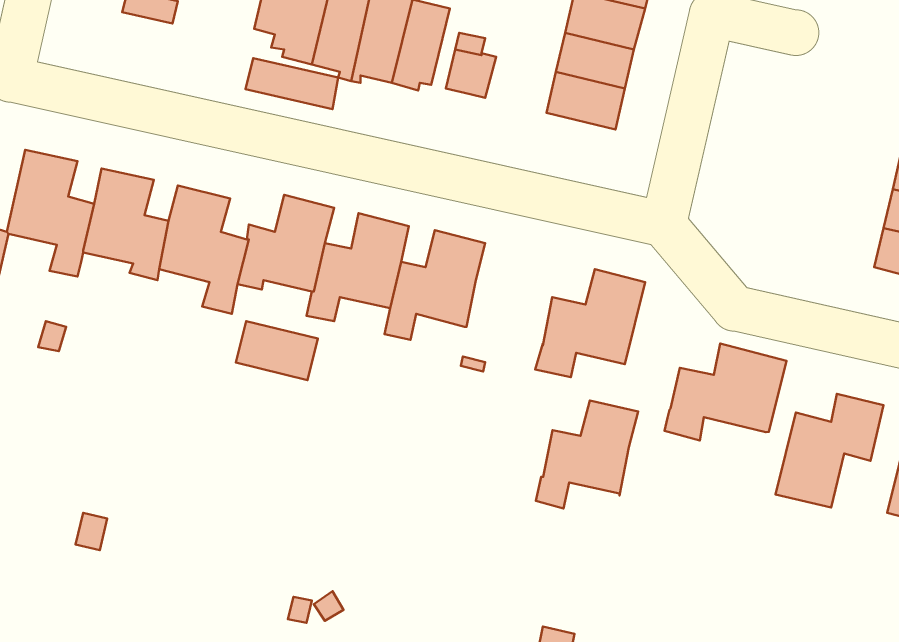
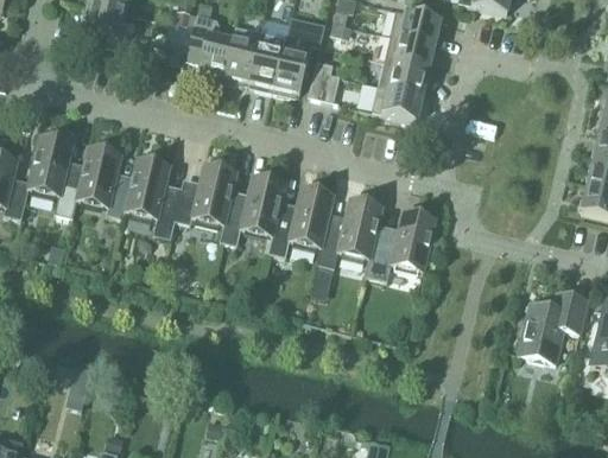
building: [246,58,338,109] -> none
building: [236,321,318,380] -> none
building: [665,344,786,440] -> none
building: [536,400,638,508] -> [316,197,381,266]

